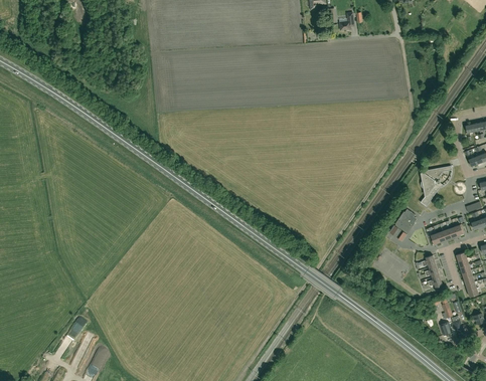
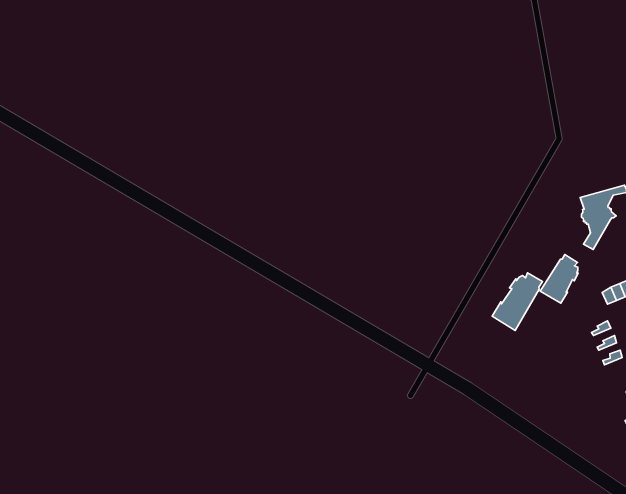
building: none -> [492,273,542,331]

